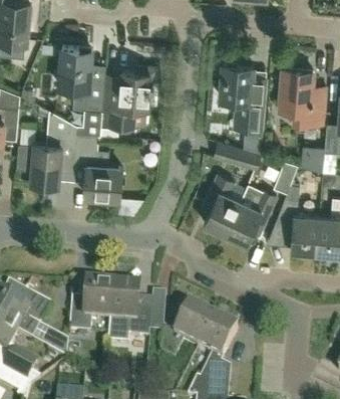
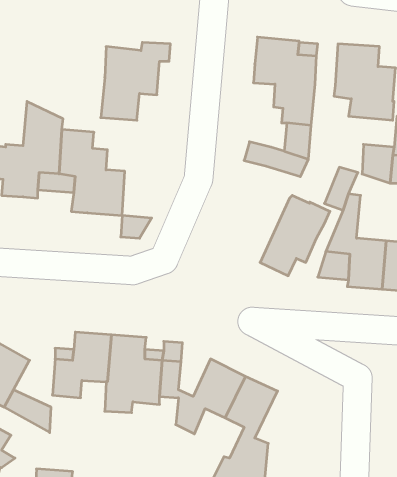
building: [57,45,105,134] -> none
building: [202,170,246,231] -> none

